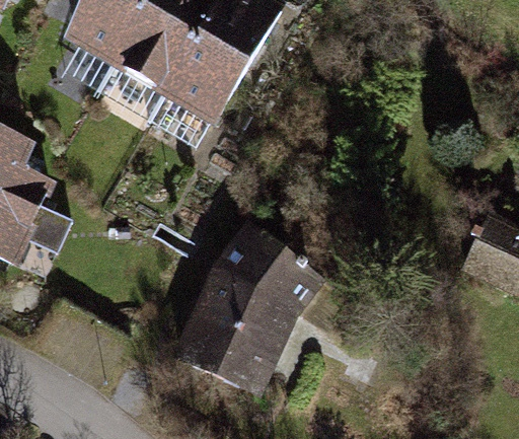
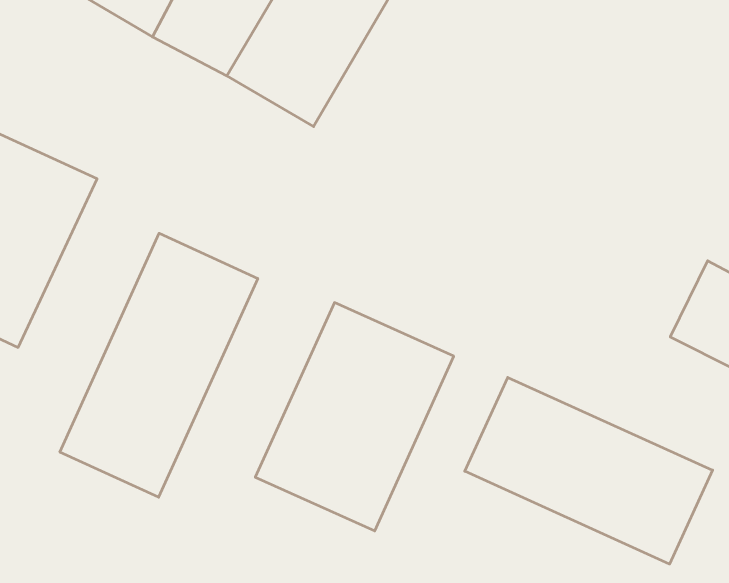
building: none -> [60,233,258,497]
building: none -> [465,377,713,564]

